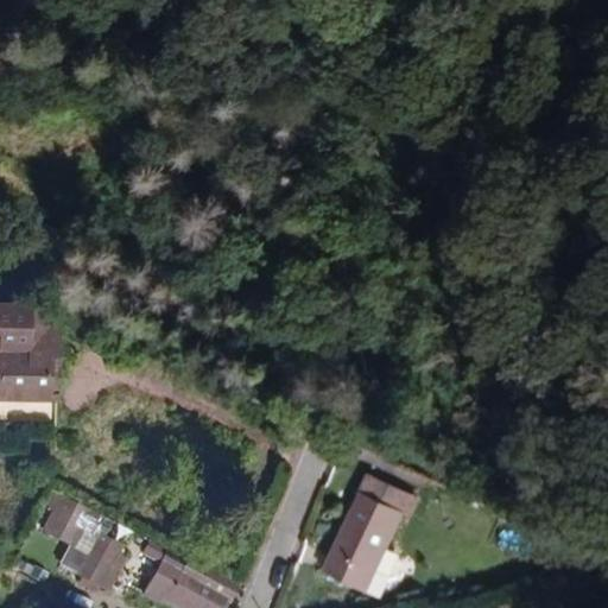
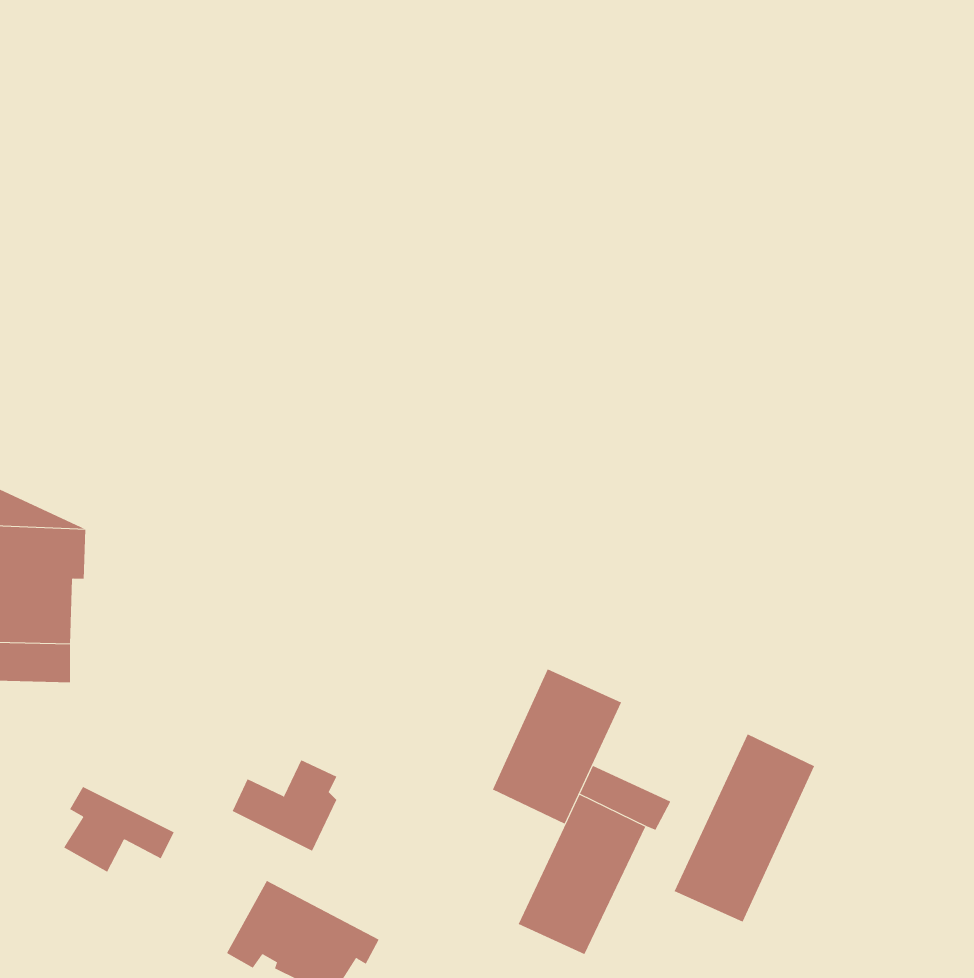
building: none -> [492,668,622,824]
building: none -> [674,733,815,922]
building: [58,537,124,594] -> [232,759,337,851]

